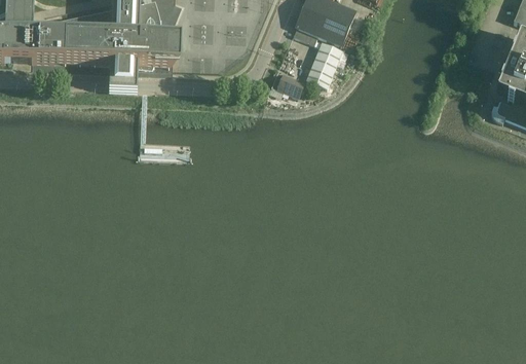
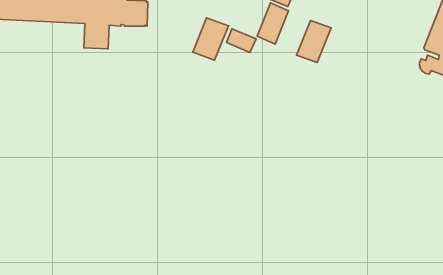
building: none -> [193,18,228,60]
building: none -> [297,21,331,62]

